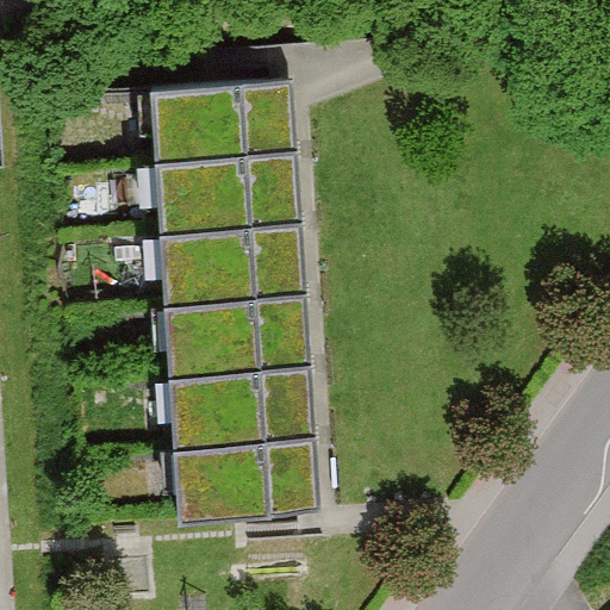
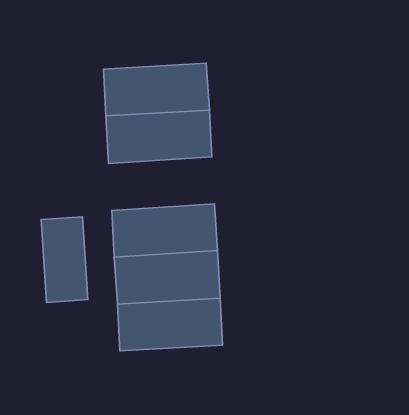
building: [157,228,311,305] -> none
building: none -> [41,217,88,302]

